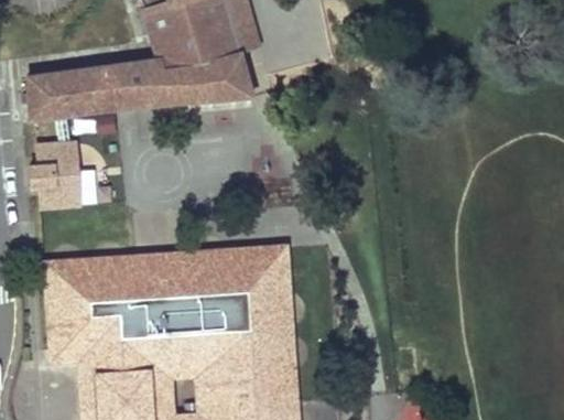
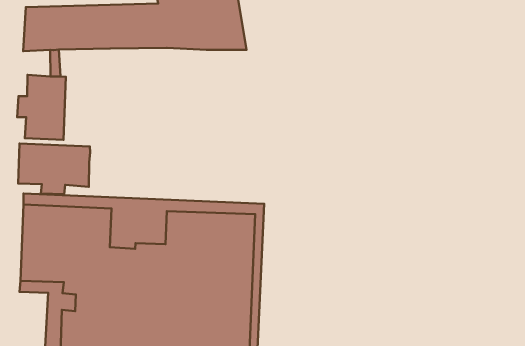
building: none -> [18,143,90,194]

